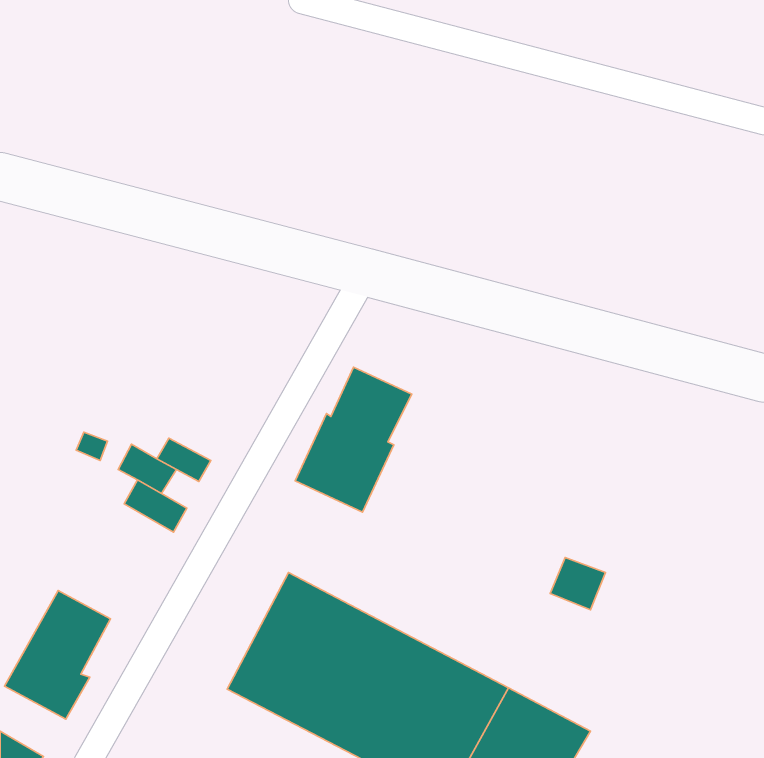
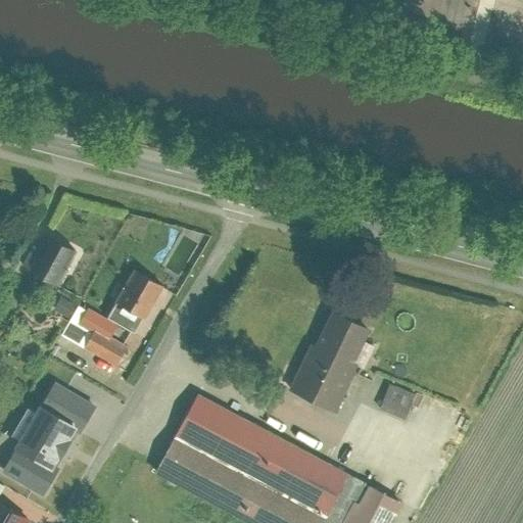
building: none -> [29,237,75,287]
building: [295,367,412,512] -> [290,313,370,412]
building: none -> [115,271,161,319]
building: none -> [42,384,94,430]

